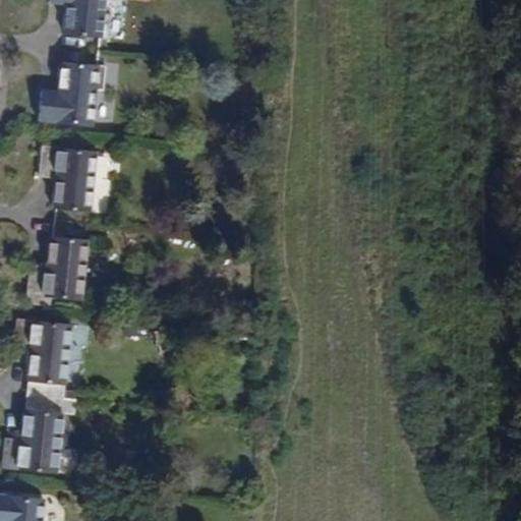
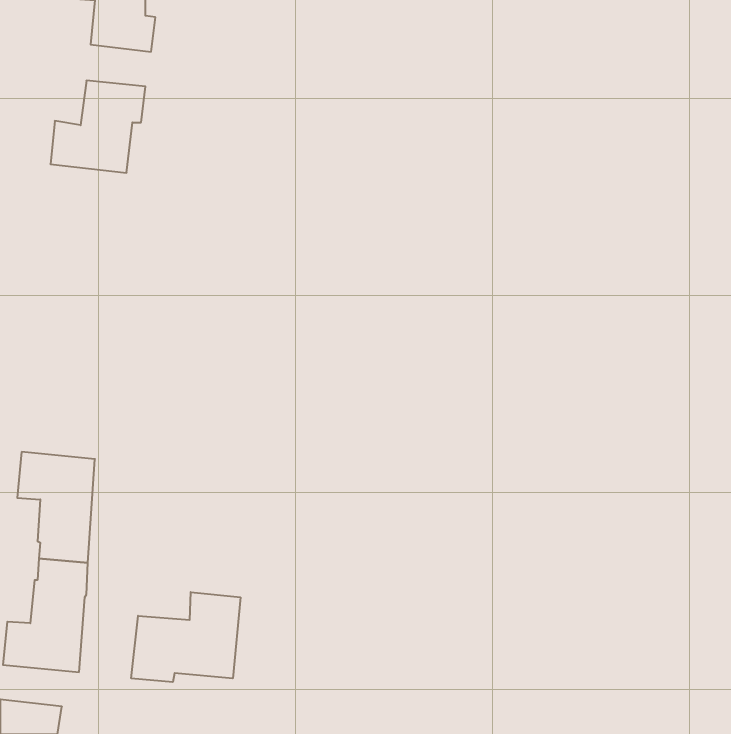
building: [39,143,95,209] -> none
building: [25,237,84,300] -> none
building: none -> [131,592,240,682]

